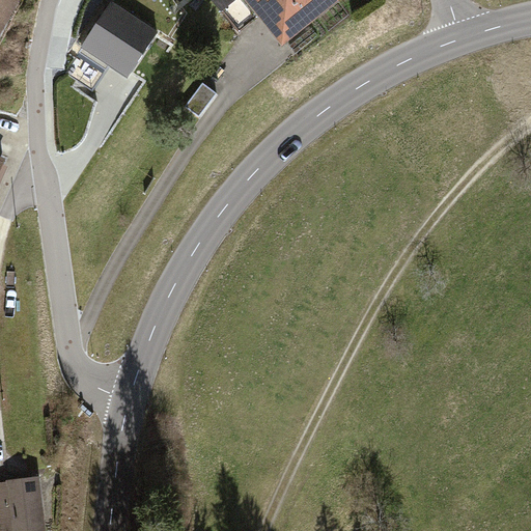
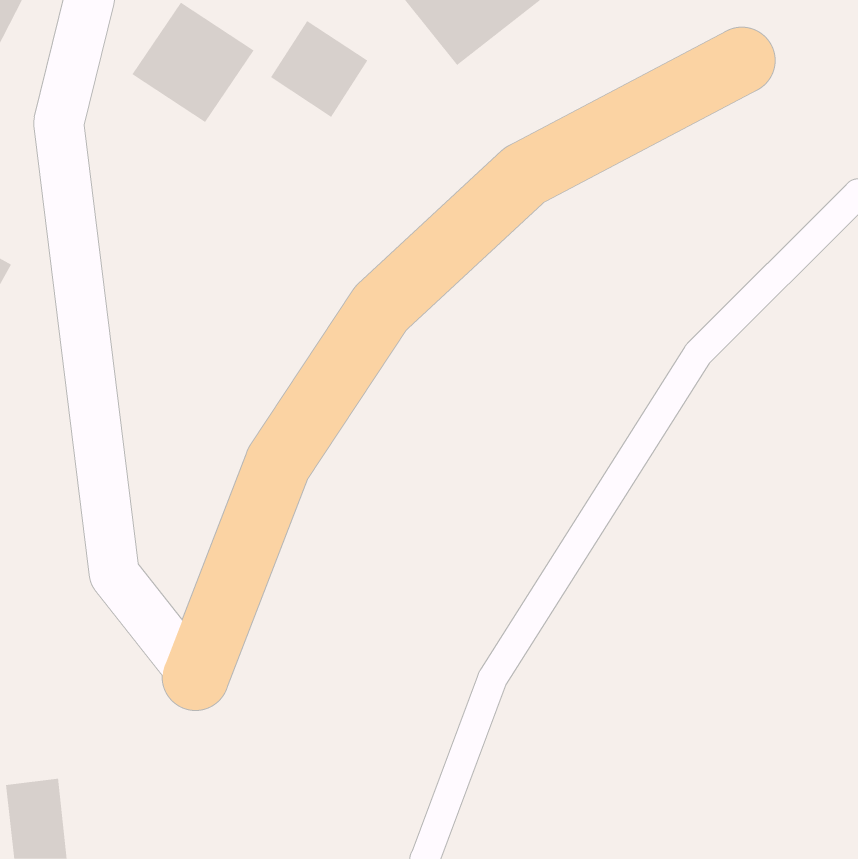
building: none -> [270,20,368,118]

